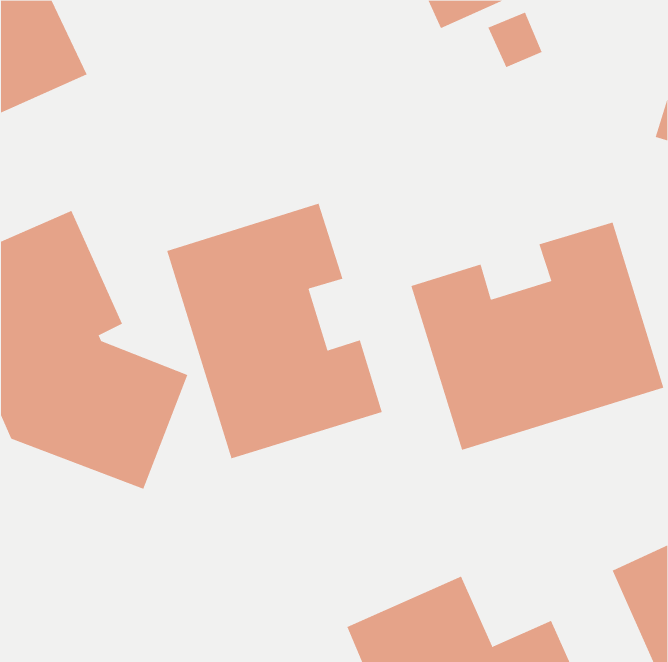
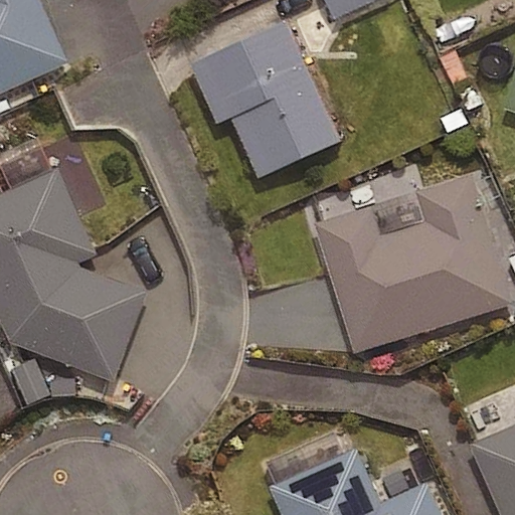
building: none -> [189,20,339,176]
building: [166,203,382,459] -> none

